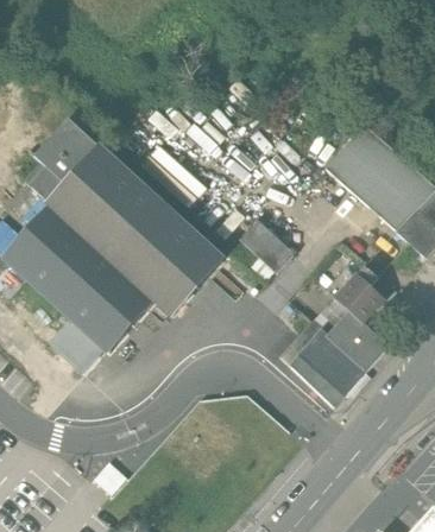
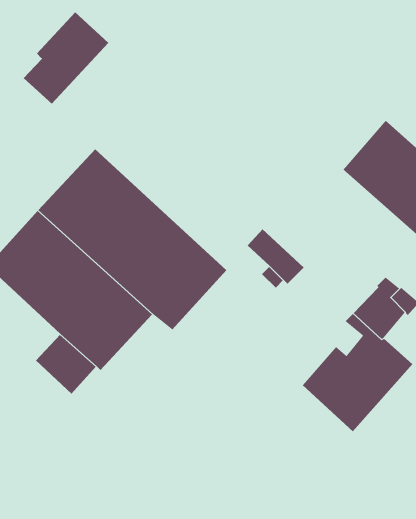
building: [23,120,101,204] -> [23,12,109,104]

